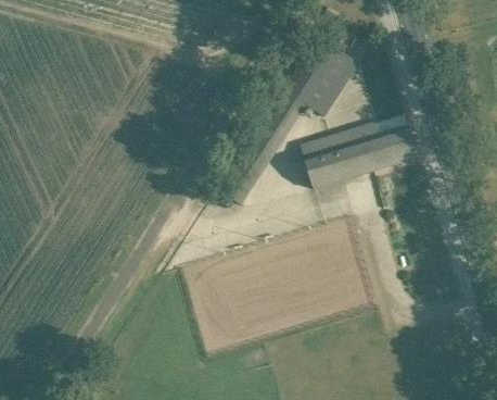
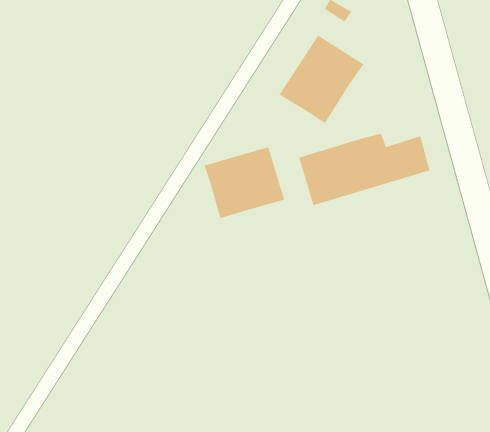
building: none -> [203,146,285,219]

